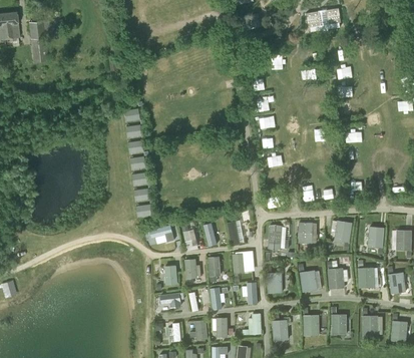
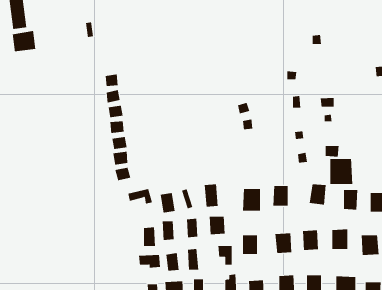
building: none -> [12,30,36,52]
building: none -> [330,158,353,185]

